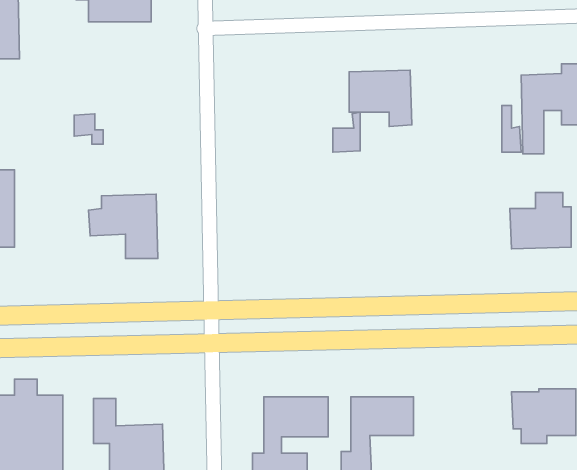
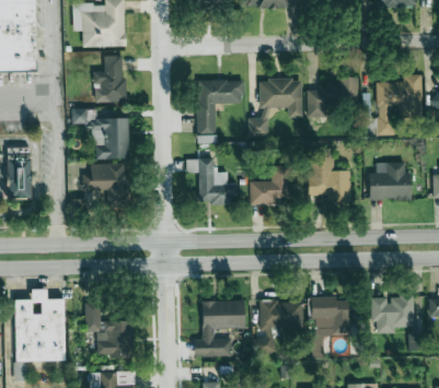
building: none -> [95,57,125,102]
building: none -> [307,77,357,117]
building: none -> [197,80,243,133]
building: none -> [94,118,129,158]
building: none -> [307,149,350,201]
building: none -> [198,157,236,203]
building: none -> [250,165,289,204]
building: none -> [312,297,350,336]

